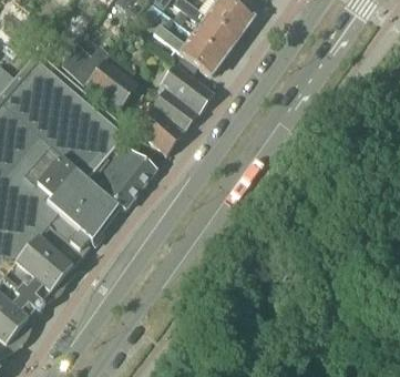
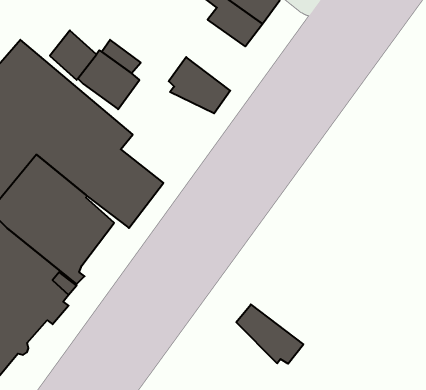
building: [155,23,224,75] -> none
building: [136,93,198,153] -> none
building: none -> [236,304,303,364]

